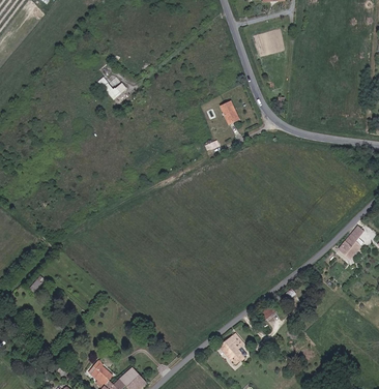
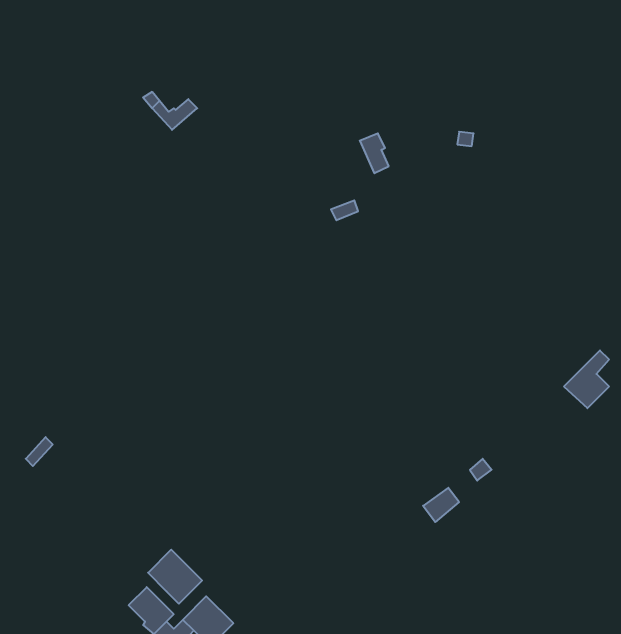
building: [218,331,243,363] -> none
building: none -> [148,550,202,604]

